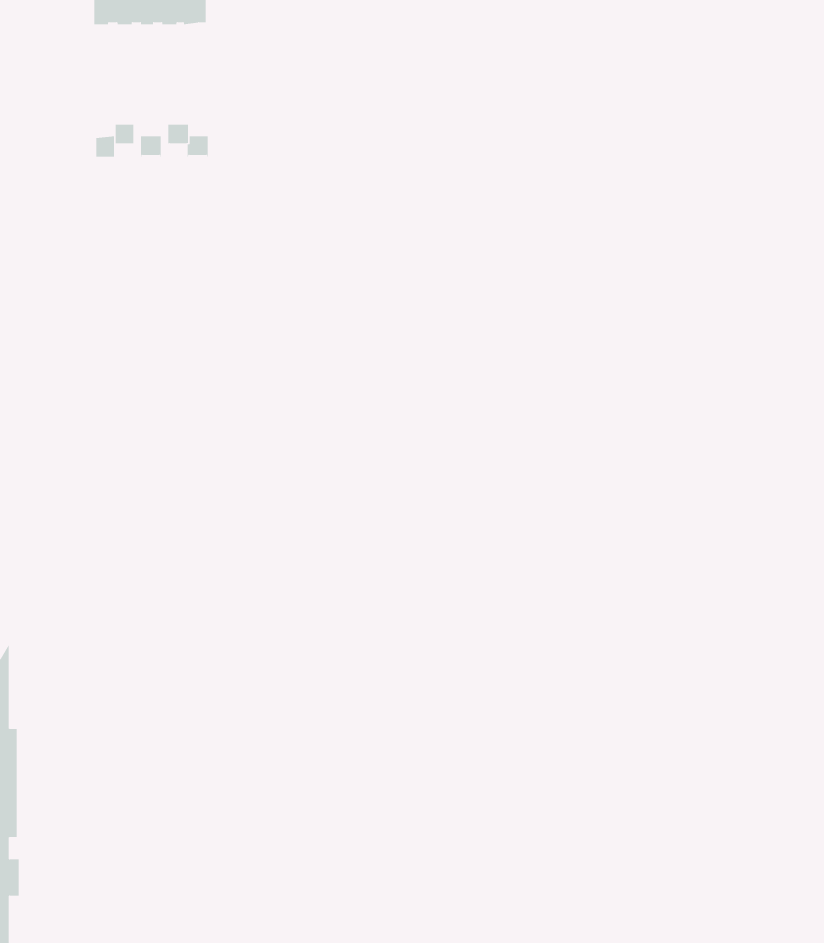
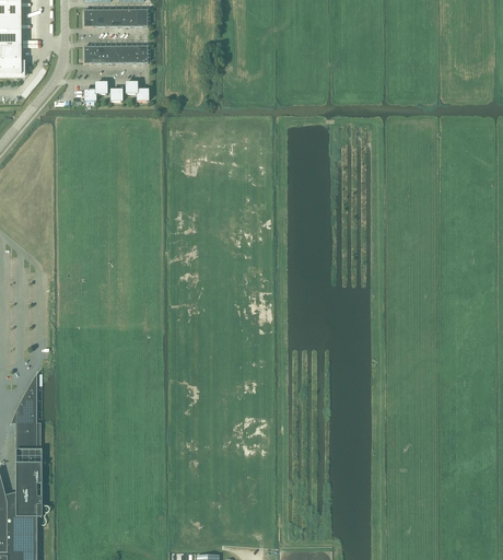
building: none -> [83,45,148,62]

